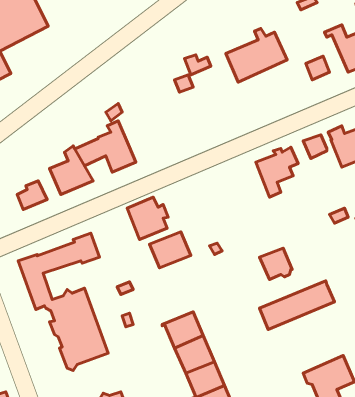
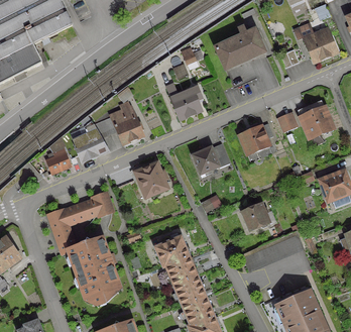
building: none -> [165,83,203,119]
building: none -> [193,143,229,174]
building: [150,232,191,268] -> [155,236,189,265]

